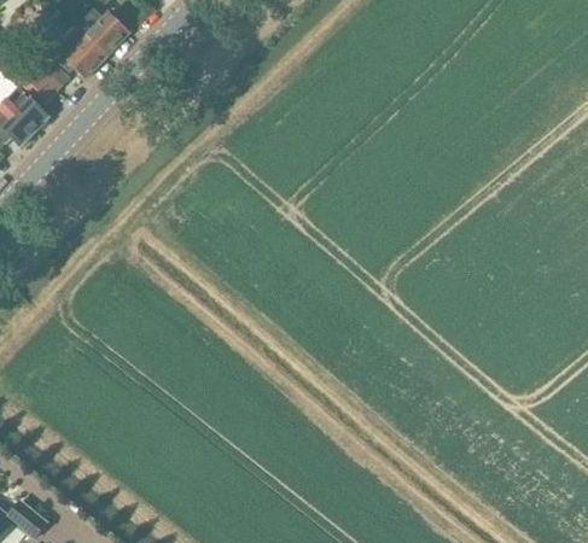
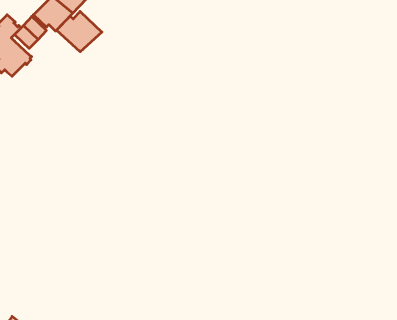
building: none -> [57,11,102,52]

